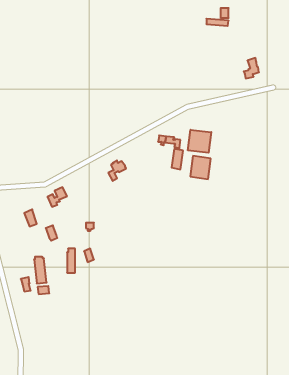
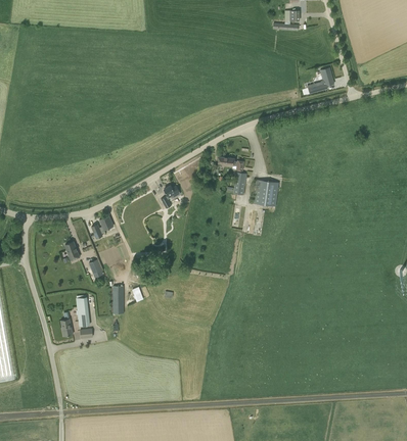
building: [188,130,211,153] -> none

